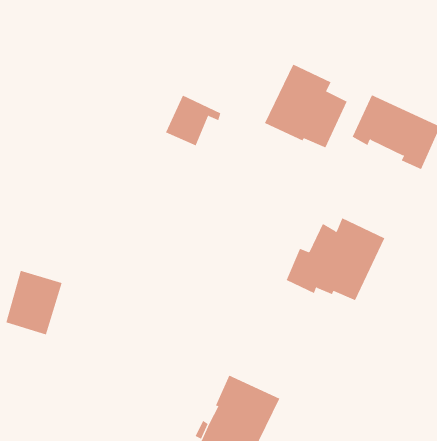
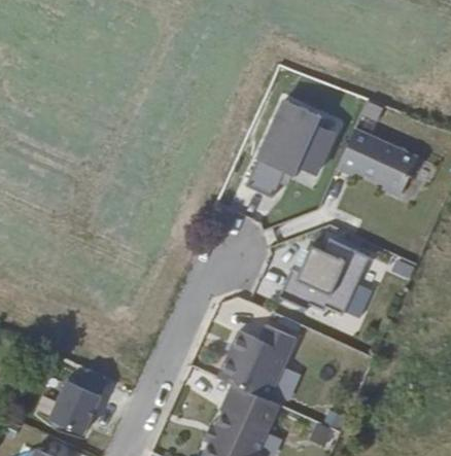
building: [165,95,221,146] -> [246,153,297,200]
building: [5,270,62,335] -> [51,375,103,433]
building: none -> [216,321,306,402]

